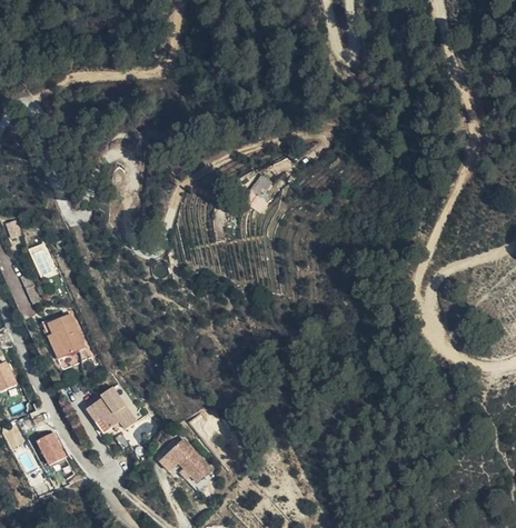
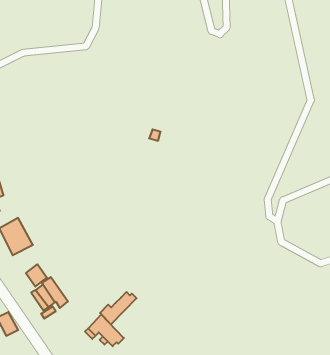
building: none -> [26,264,47,287]
building: none -> [100,292,137,325]

